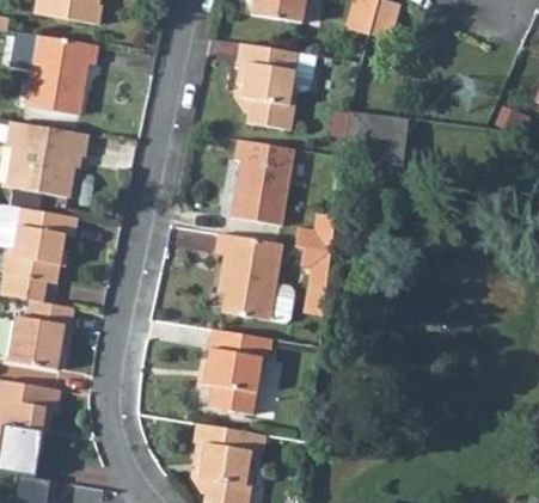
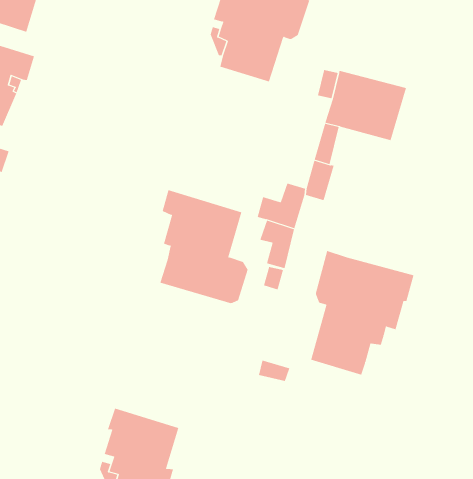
building: [229,139,294,225] -> none
building: none -> [311,250,414,375]
building: [202,329,271,413] -> none

